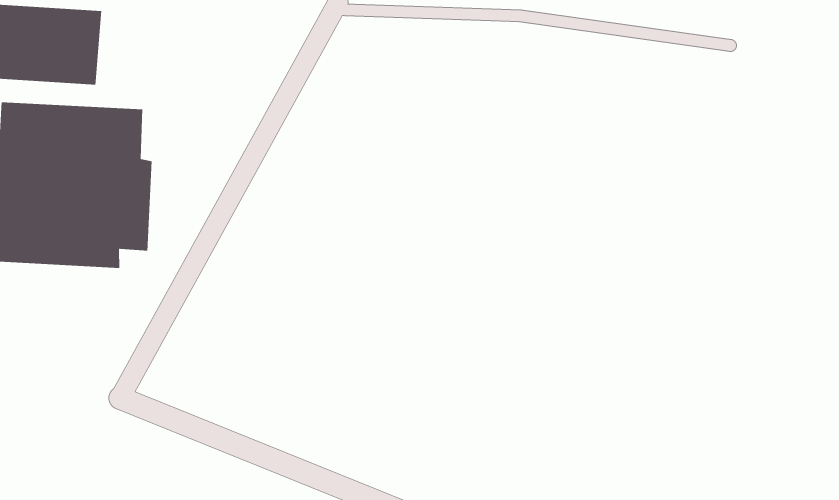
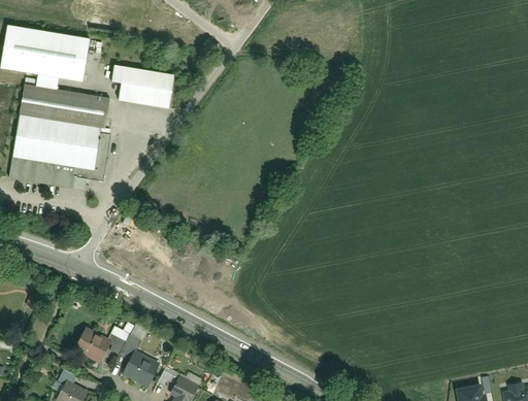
building: none -> [114,64,178,108]

